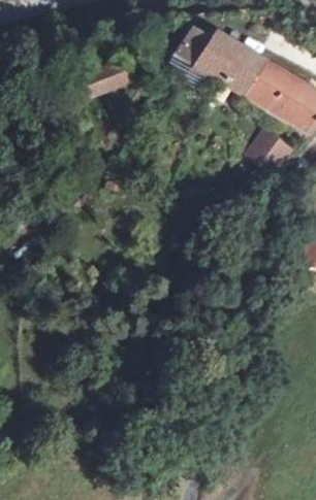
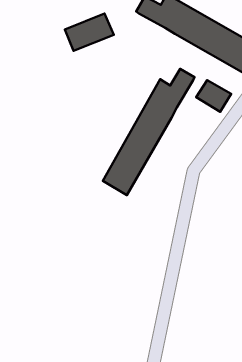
building: none -> [103,69,194,195]

